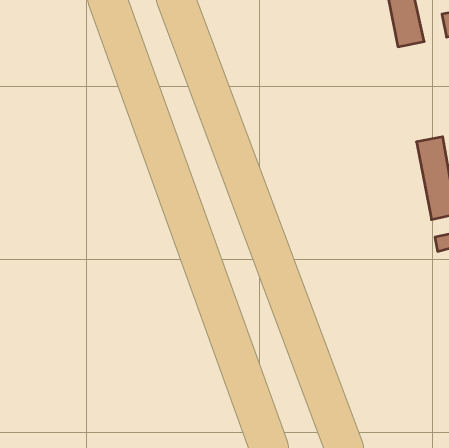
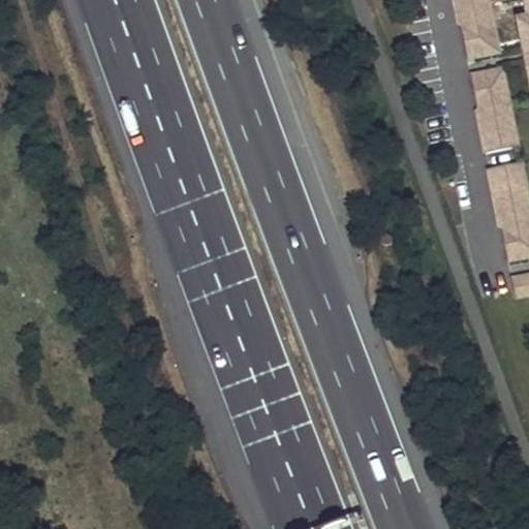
building: none -> [472,68,518,151]

